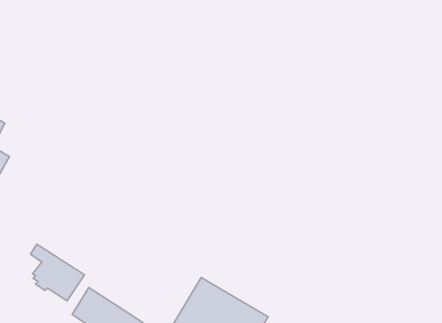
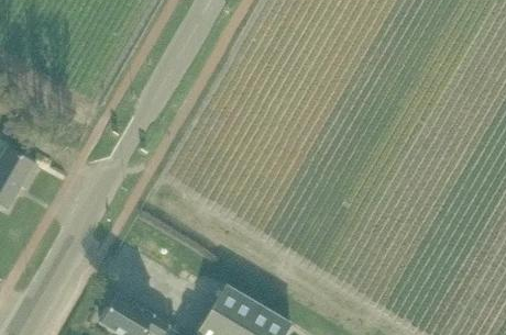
building: [31,244,85,301] -> none

